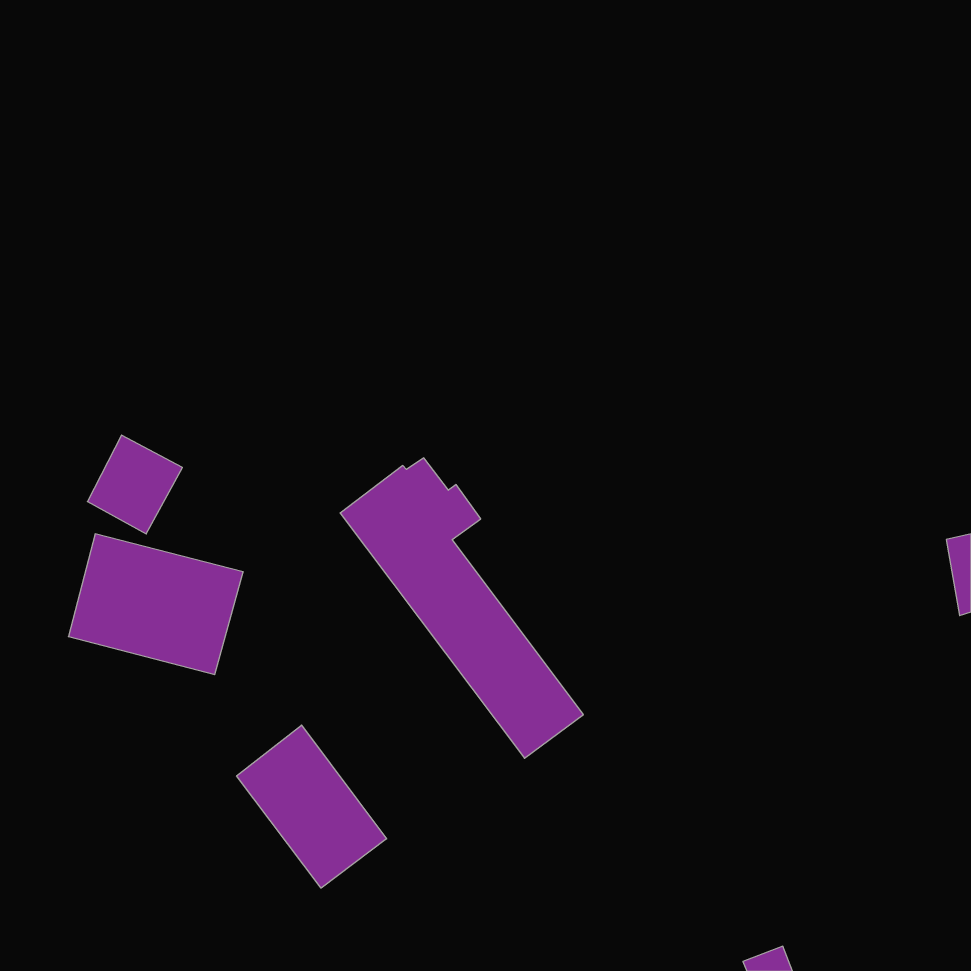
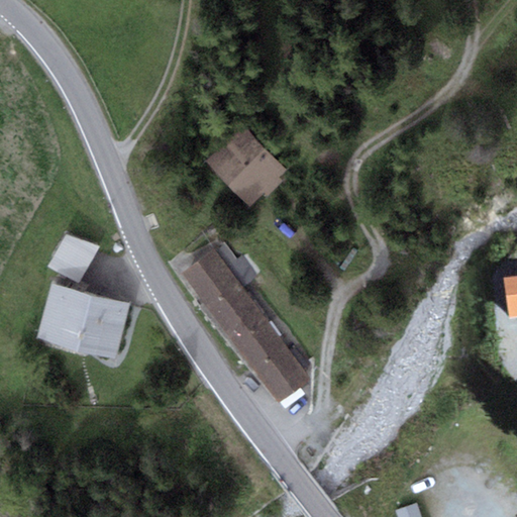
building: none -> [205,126,288,209]
building: [237,725,387,888] -> none

